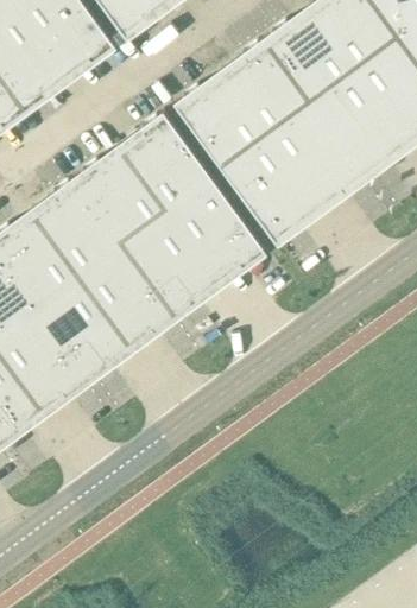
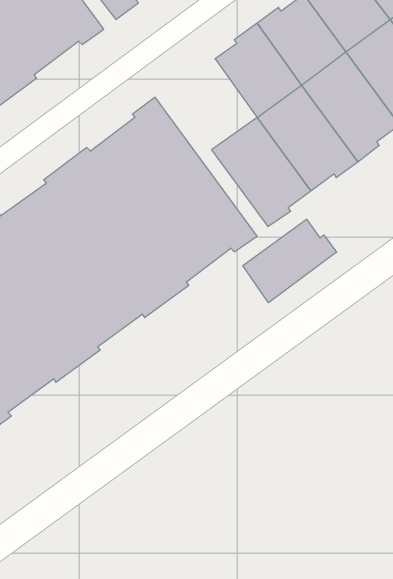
building: [175,76,264,166] -> none
building: none -> [243,219,337,303]

